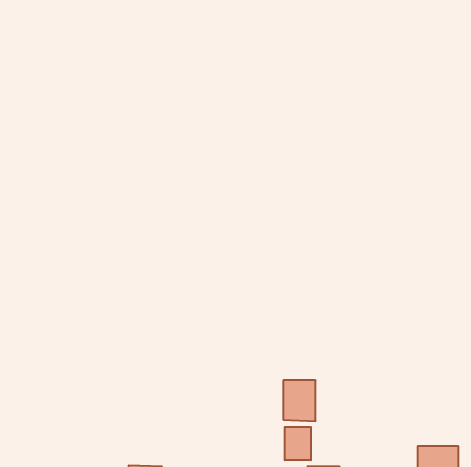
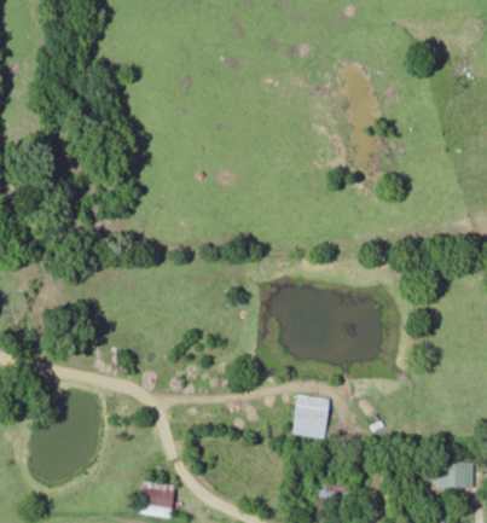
building: [285,427,311,460] -> none

